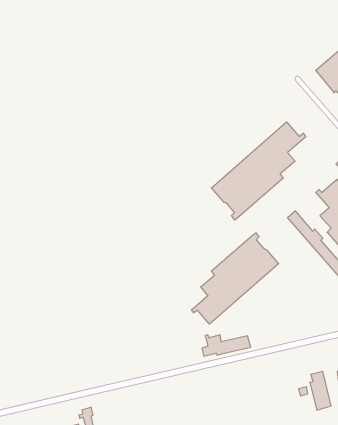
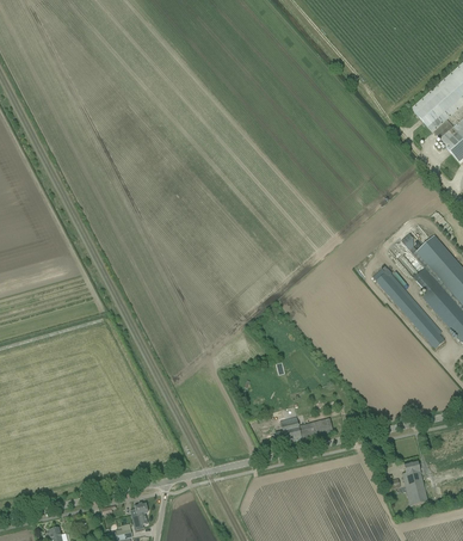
building: [211,122,306,220] -> none
building: [191,233,279,324] -> none

